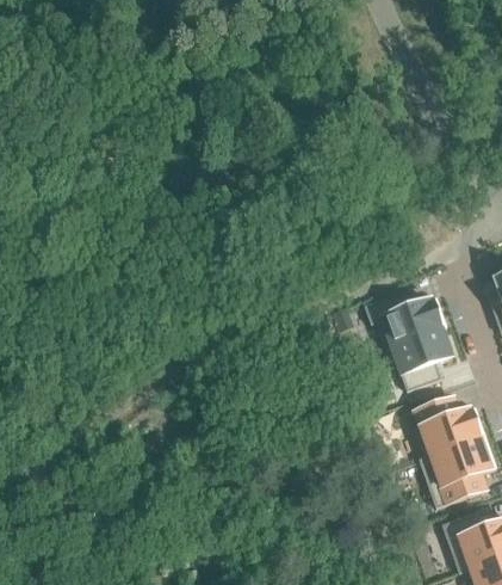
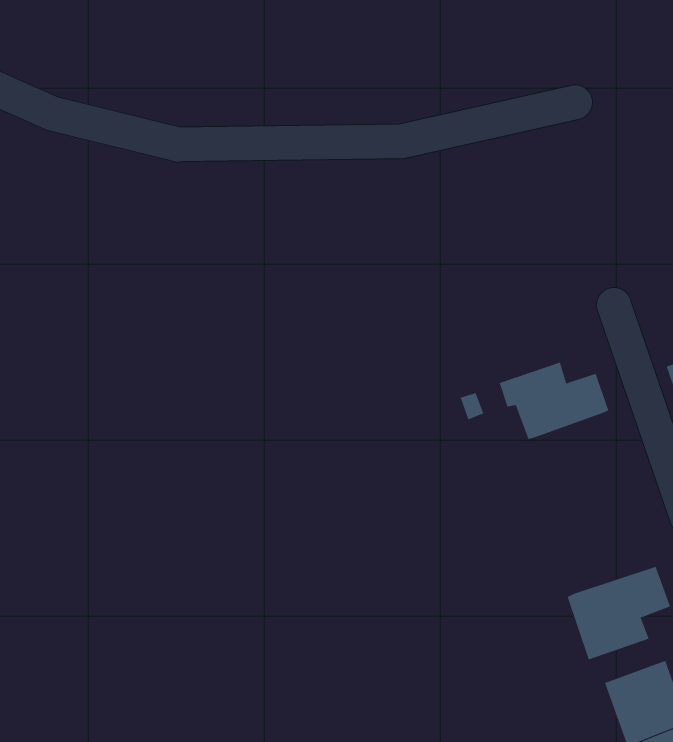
building: [396,327,457,390] -> none
building: [414,401,485,460] -> none

